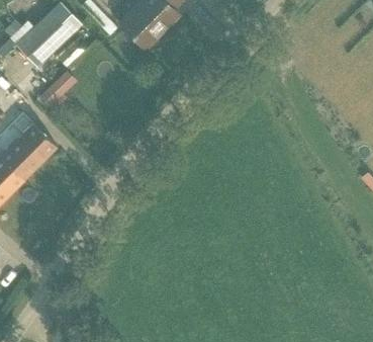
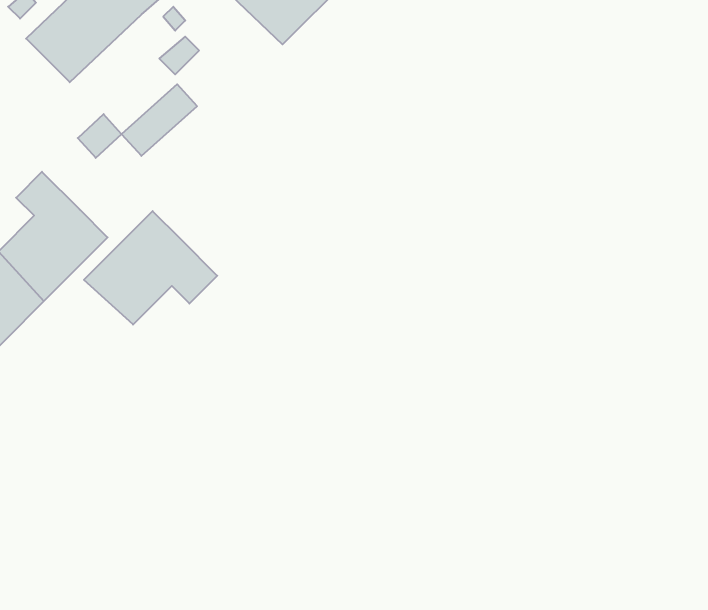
building: none -> [84,211,217,325]

